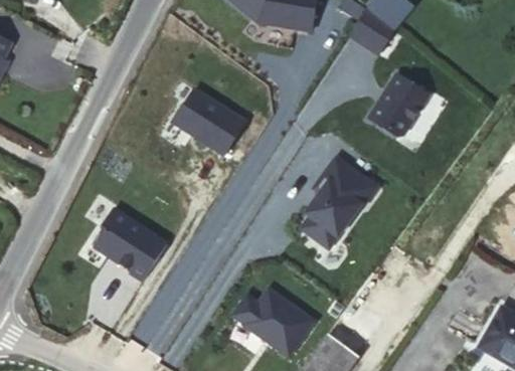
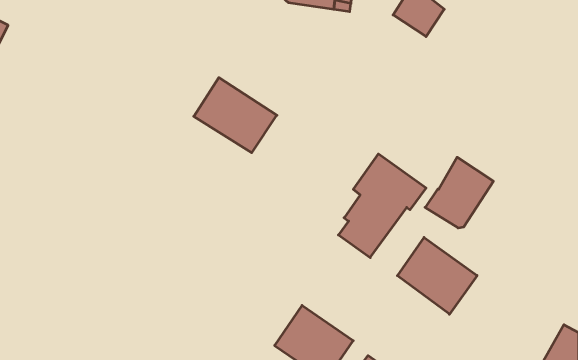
building: [370,76,431,139] -> [425,157,493,228]
building: [96,209,168,281] -> none
building: none -> [397,237,477,314]

